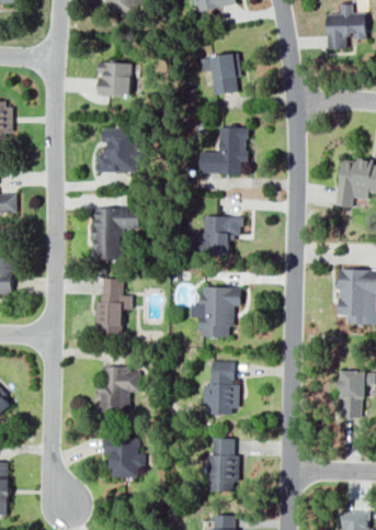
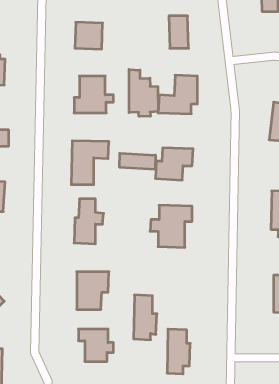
building: none -> [129,69,158,116]
building: none -> [120,153,155,169]
building: [210,361,239,416] -> [134,295,157,340]

